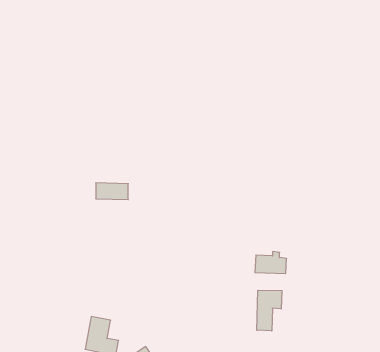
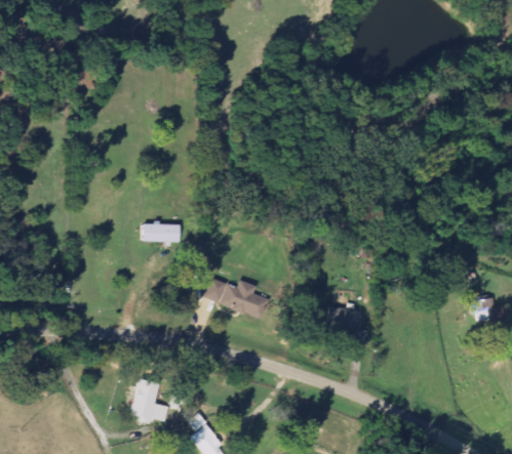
building: none -> [202,277,267,318]
building: [257,290,282,331] -> none

